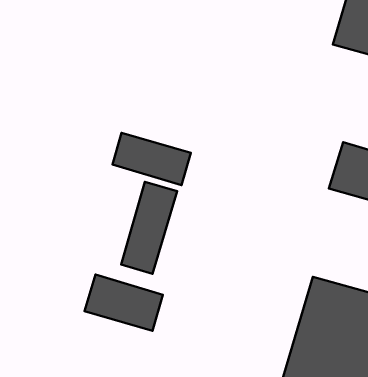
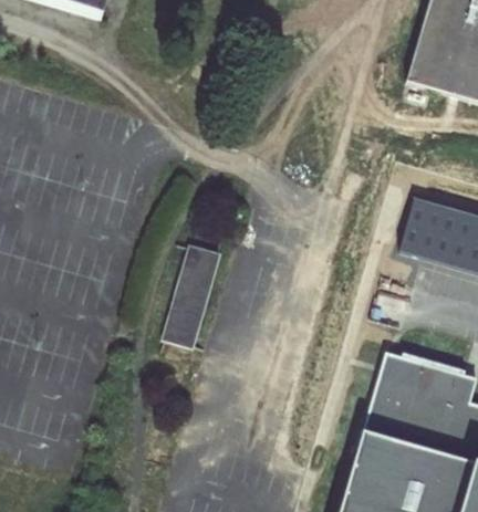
building: [112,133,191,185] -> none
building: [85,274,163,331] -> none

